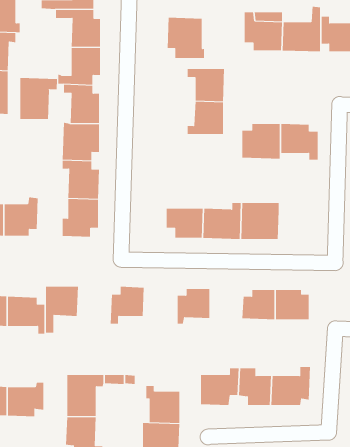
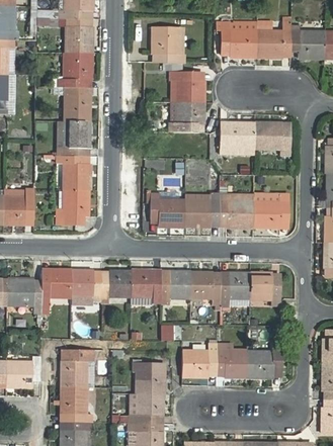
building: [20,77,57,120] -> none
building: none -> [253,200,288,227]
building: none -> [71,269,101,304]
building: none -> [131,270,161,303]
building: none -> [191,271,221,298]

